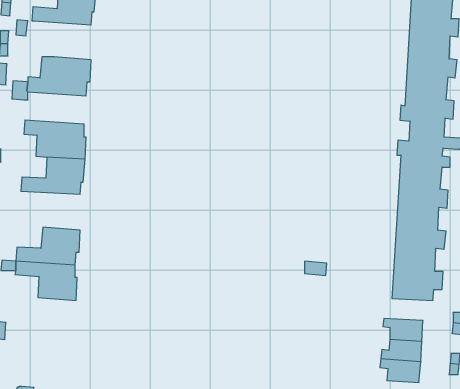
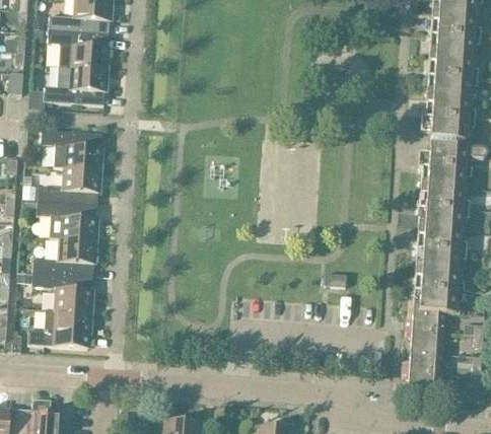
building: none -> [50,28,110,68]
building: none -> [36,201,98,240]
building: none -> [27,308,92,347]
building: none -> [404,309,453,332]

